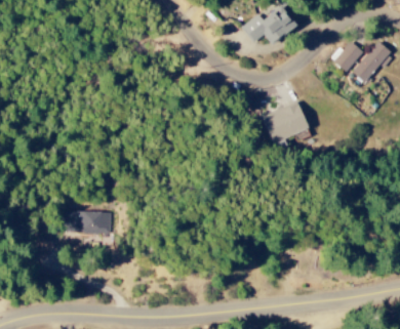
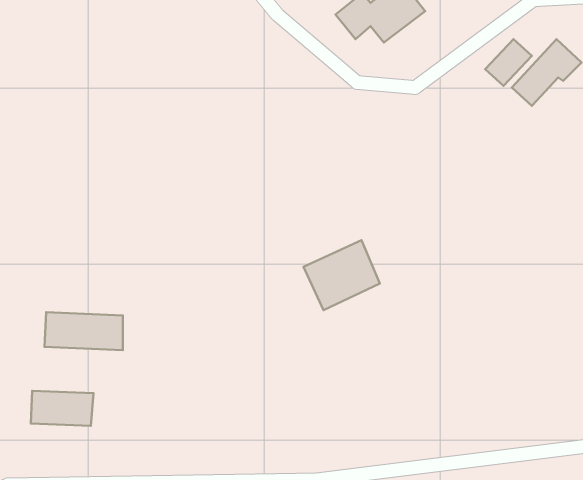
building: [262,100,309,143] -> [303,240,380,310]
building: none -> [31,391,93,426]

